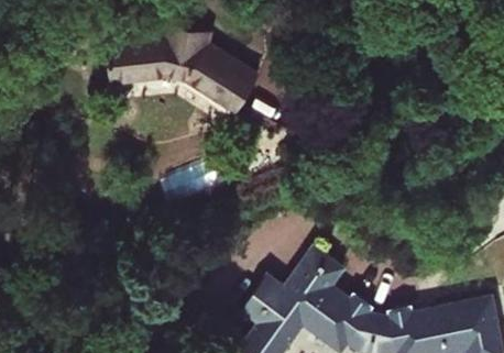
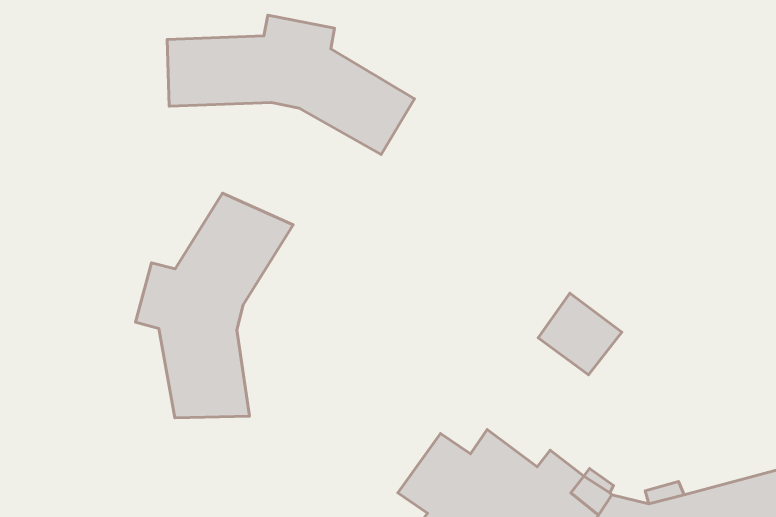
building: none -> [135,193,293,418]
building: [296,249,346,297] -> [538,293,622,375]

